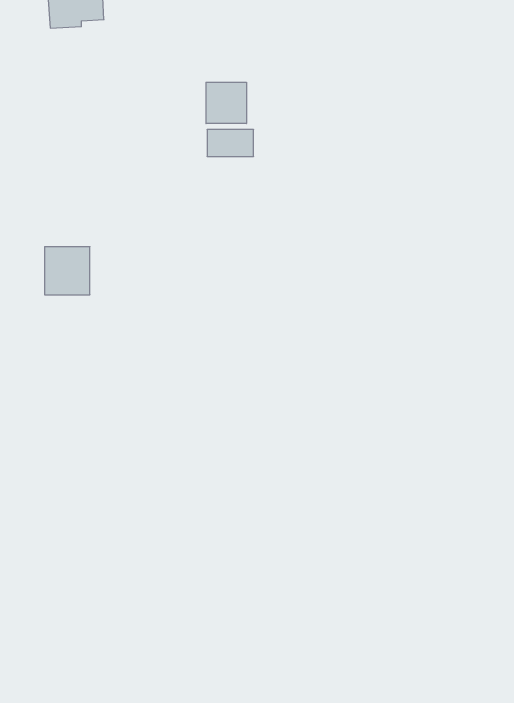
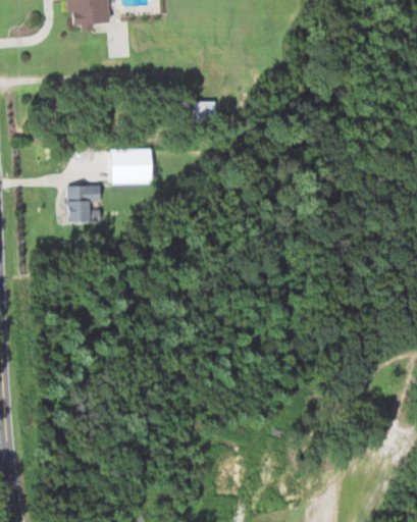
building: [206,82,246,124] -> none
building: none -> [113,148,156,185]

